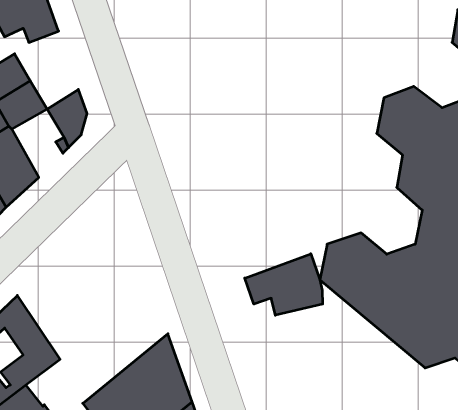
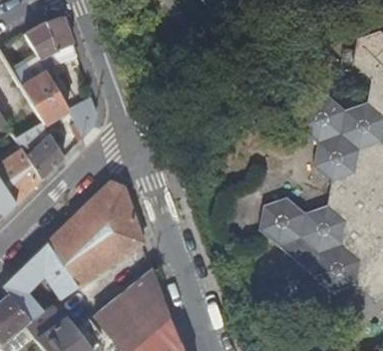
building: none -> [47,182,143,287]
building: [245,254,323,315] -> none

